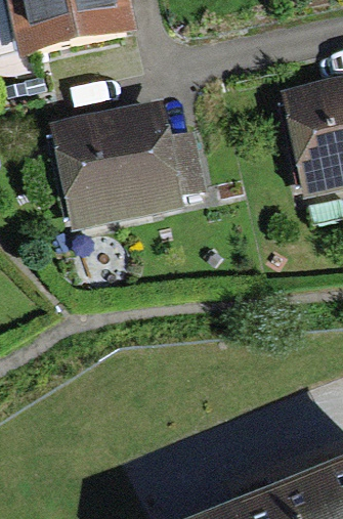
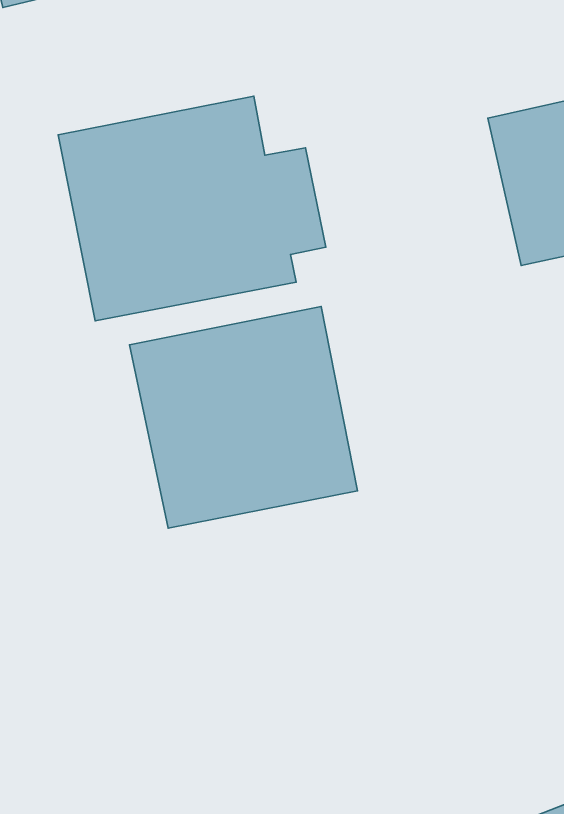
building: none -> [130,307,358,528]

